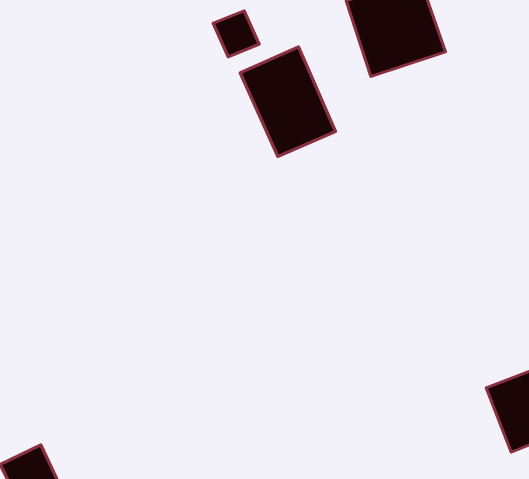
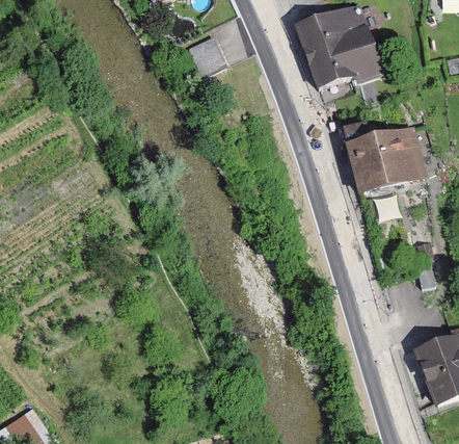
building: [240,47,335,157] -> none
building: none -> [344,124,427,193]

